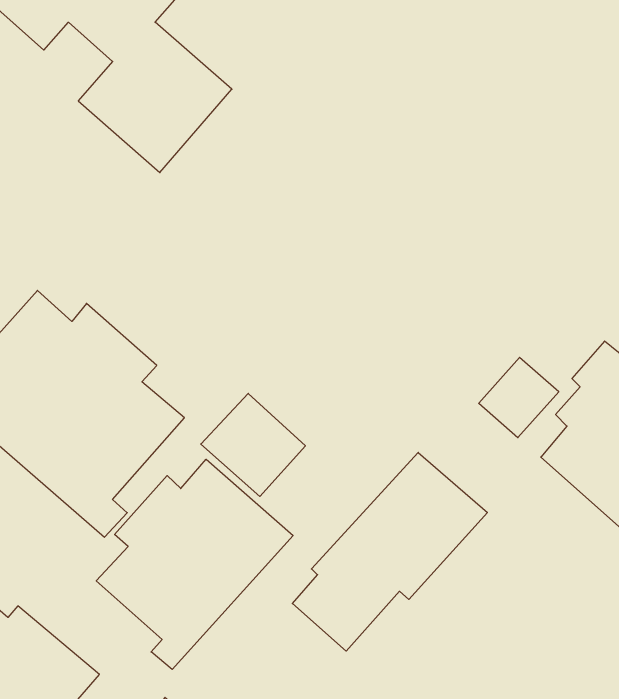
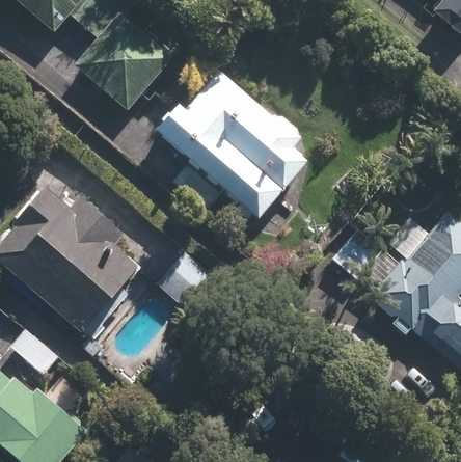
building: none -> [159,62,311,218]
building: [292,452,487,651] -> none
building: [96,459,293,669] -> none

